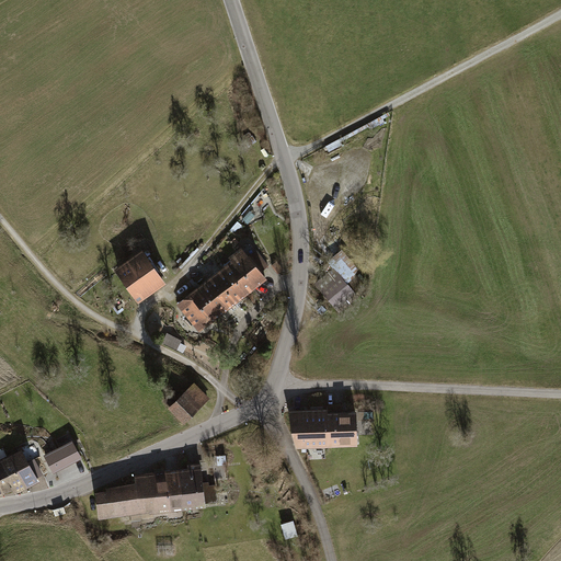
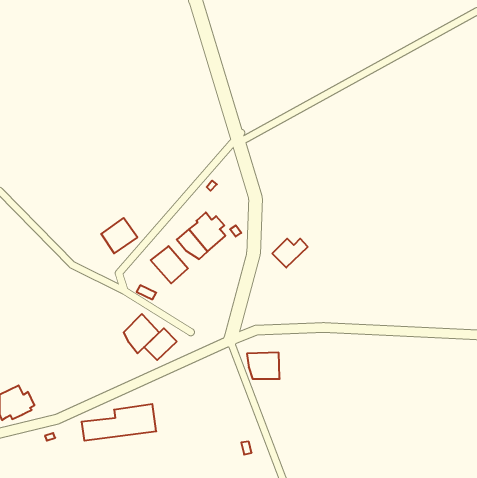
building: [197,280,233,314] -> none
building: none -> [124,314,159,353]
building: [327,412,355,443] -> none
building: [45,443,79,471] -> none
building: [179,465,204,505] -> none

